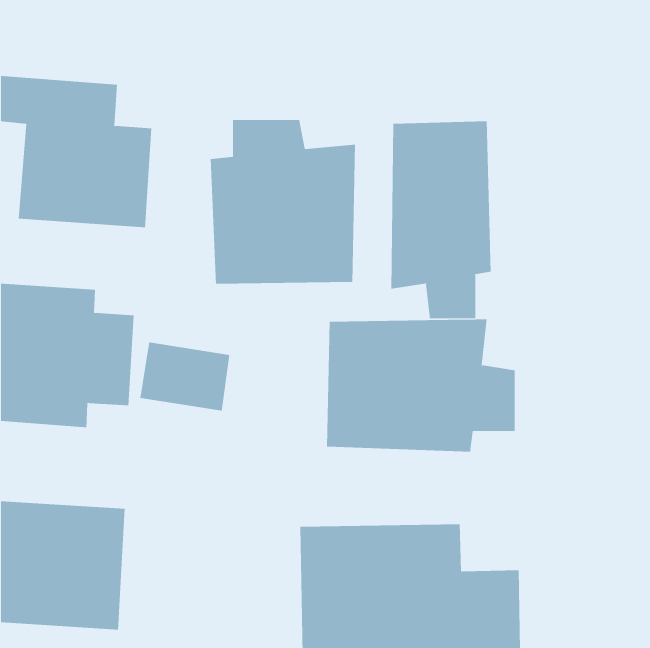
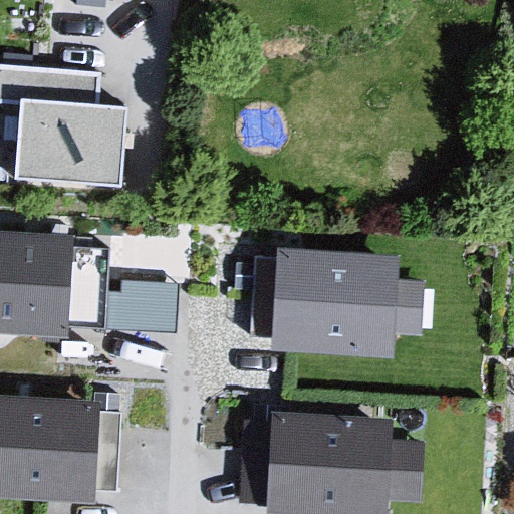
building: [210,119,356,285] -> none
building: [391,120,491,319] -> none

